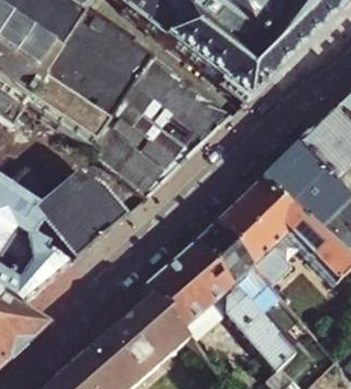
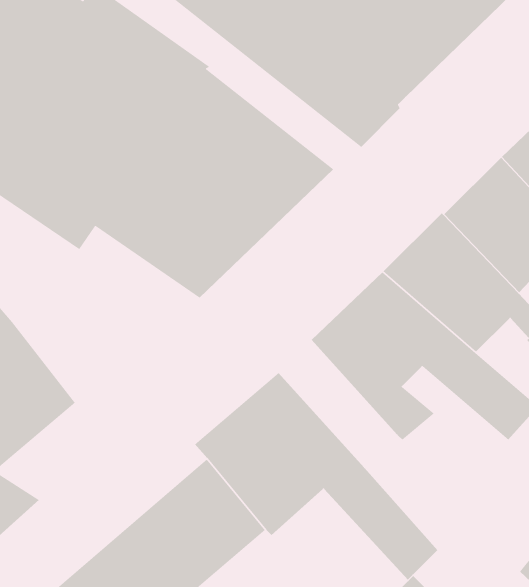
building: [32,176,123,259] -> none
building: [195,220,267,299] -> none

